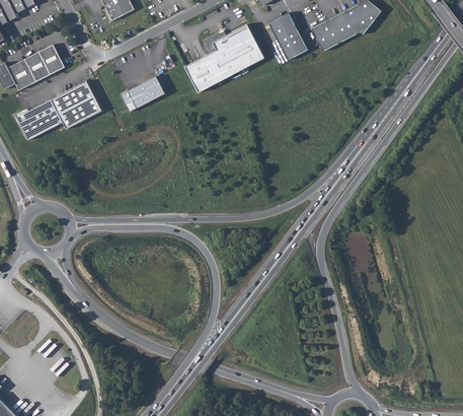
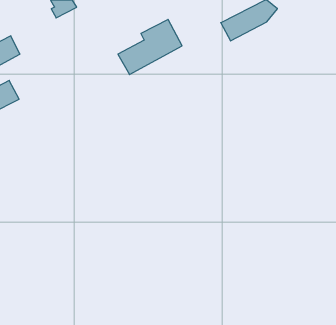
building: [268,12,308,60] -> none
building: [121,76,164,112] -> none
building: [51,81,101,129] -> none

